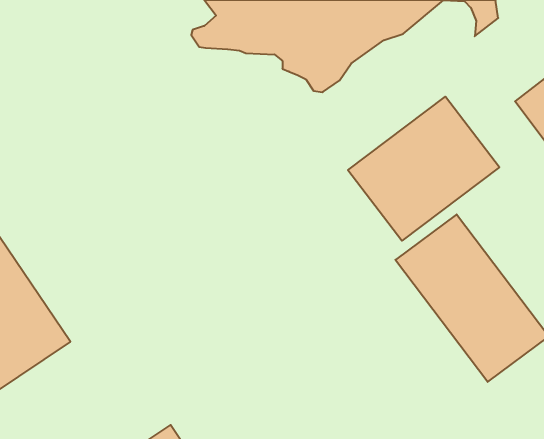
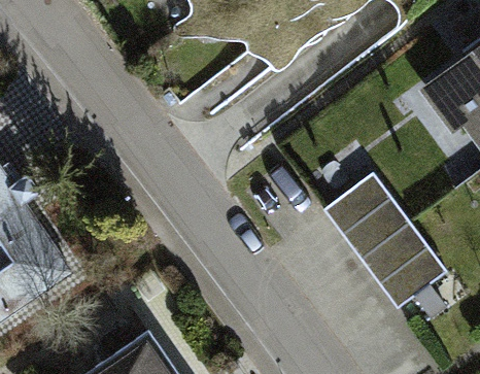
building: [348,97,499,241] -> none

